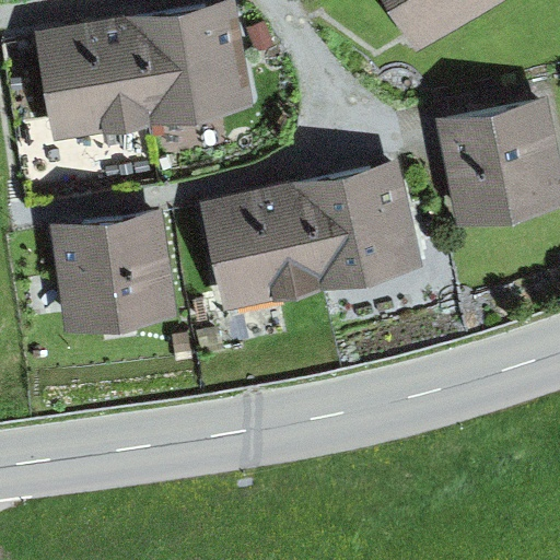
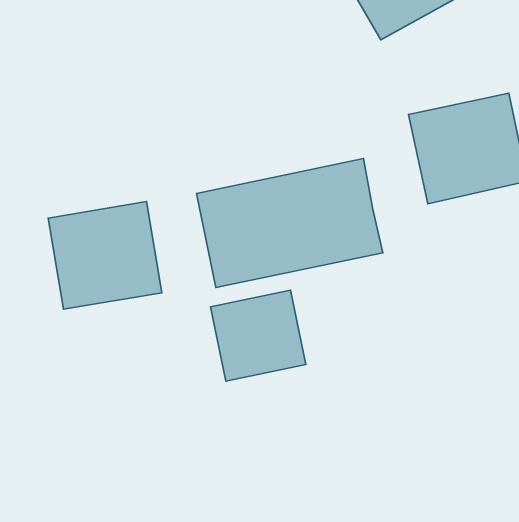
building: [32,9,226,126] -> none
building: none -> [211,290,306,381]

